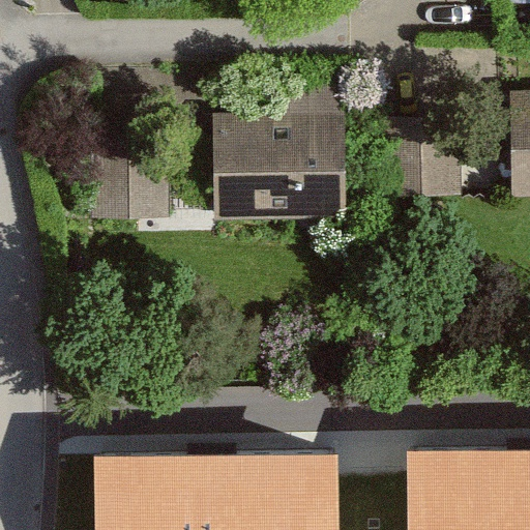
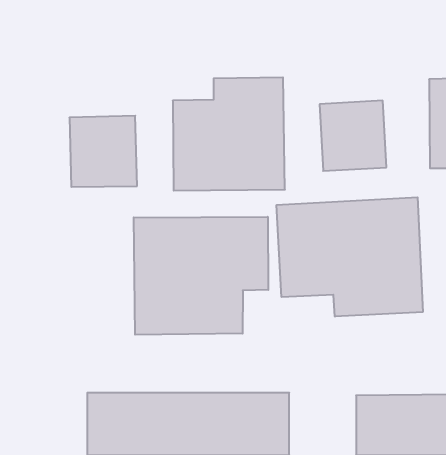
building: none -> [277,197,423,317]
building: none -> [134,217,268,335]

